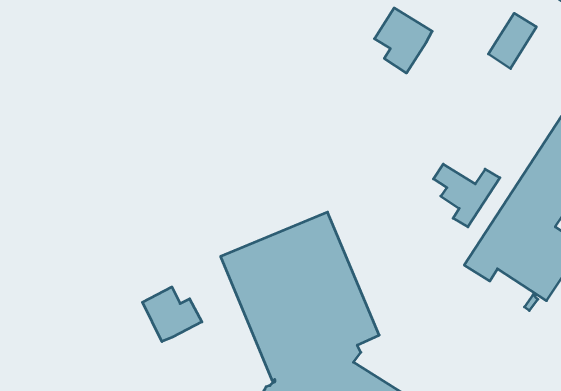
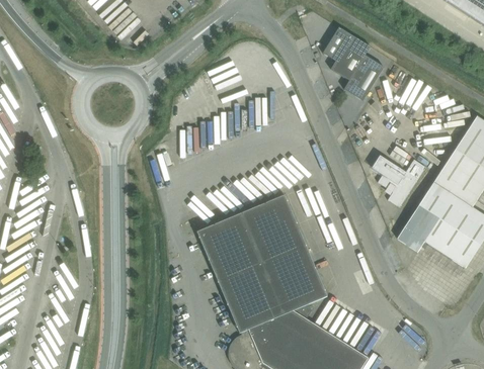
building: [488,13,536,69] -> [344,56,384,101]
building: [142,287,202,342] -> none

